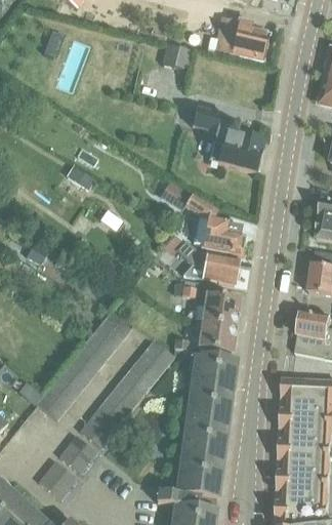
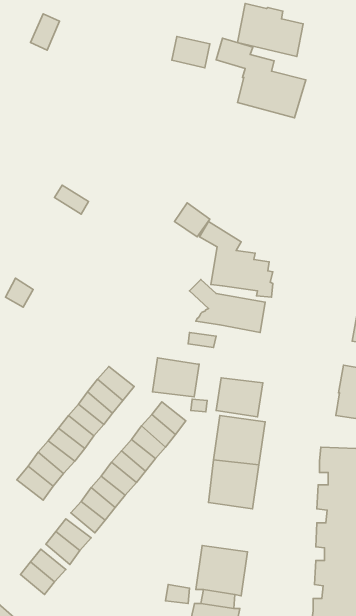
building: [191,108,263,172] -> [216,38,306,118]
building: [201,294,239,326] -> [153,358,199,397]
building: [185,423,226,463] -> none

